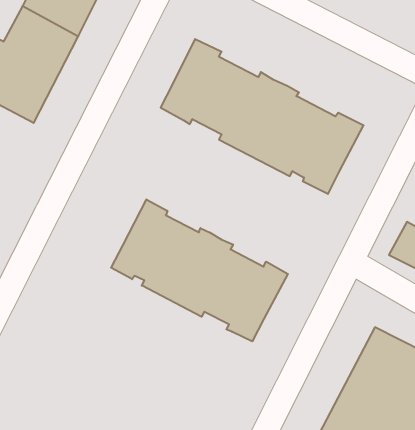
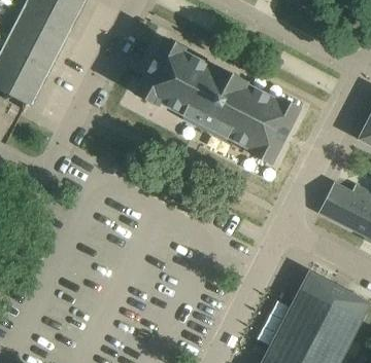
building: [111,199,288,341] -> none

